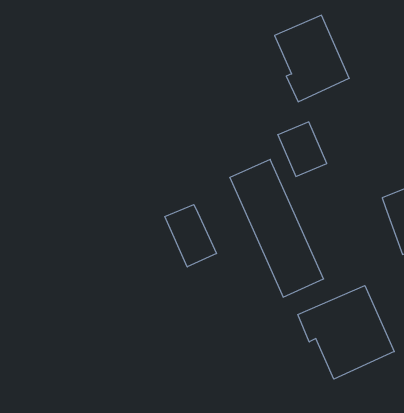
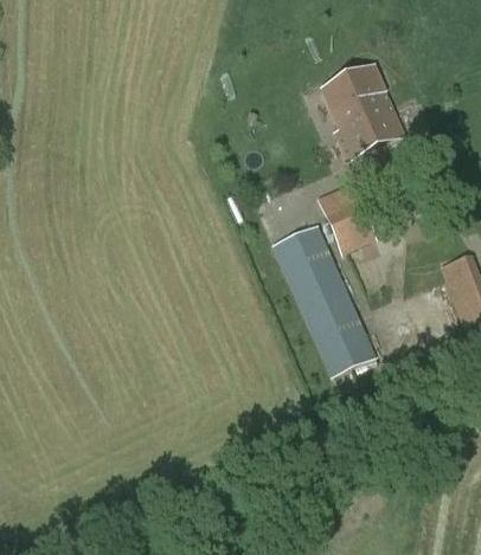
building: [165,205,216,267] -> none
building: [298,286,394,379] -> none

